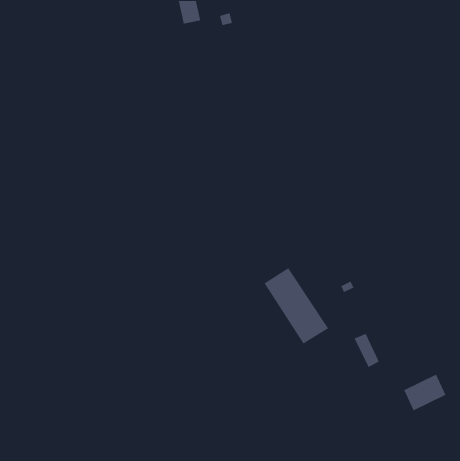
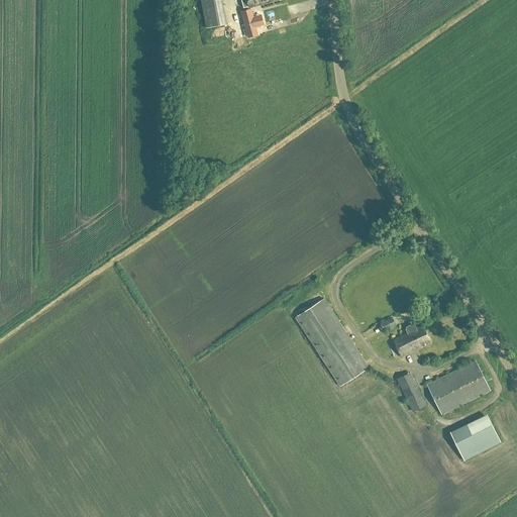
building: none -> [393,324,430,356]
building: none -> [426,361,490,414]

